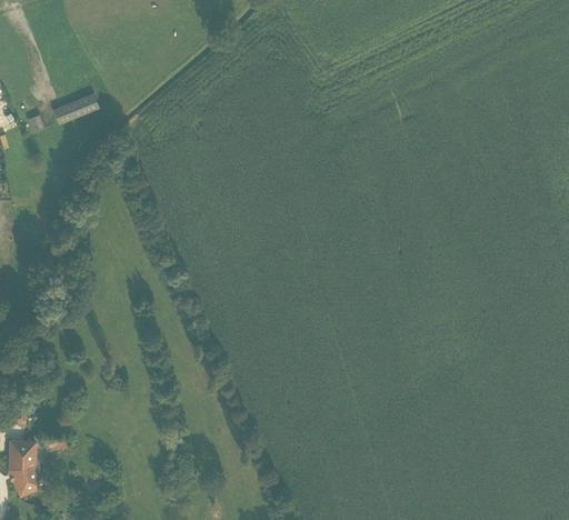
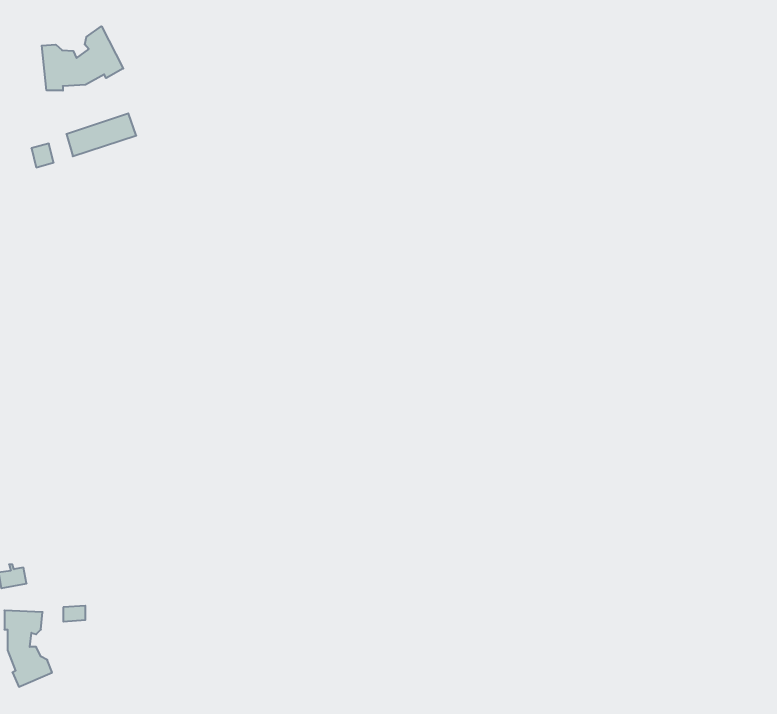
building: none -> [42,26,123,91]

